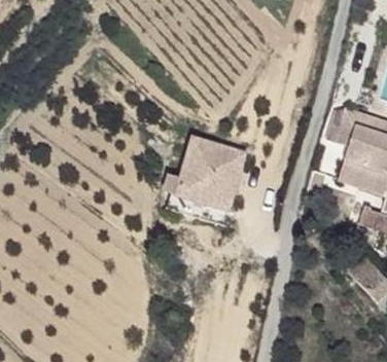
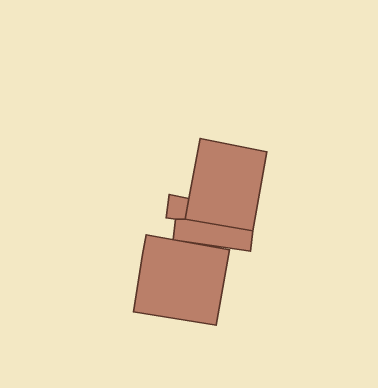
building: none -> [133,235,229,325]

